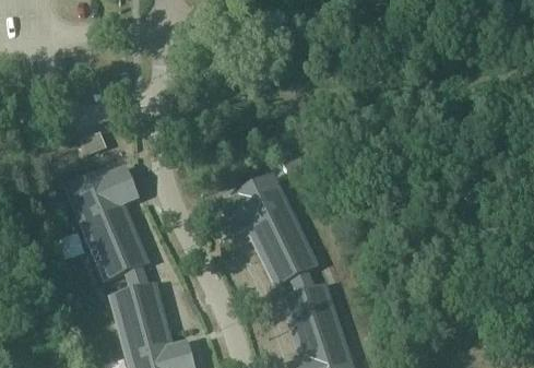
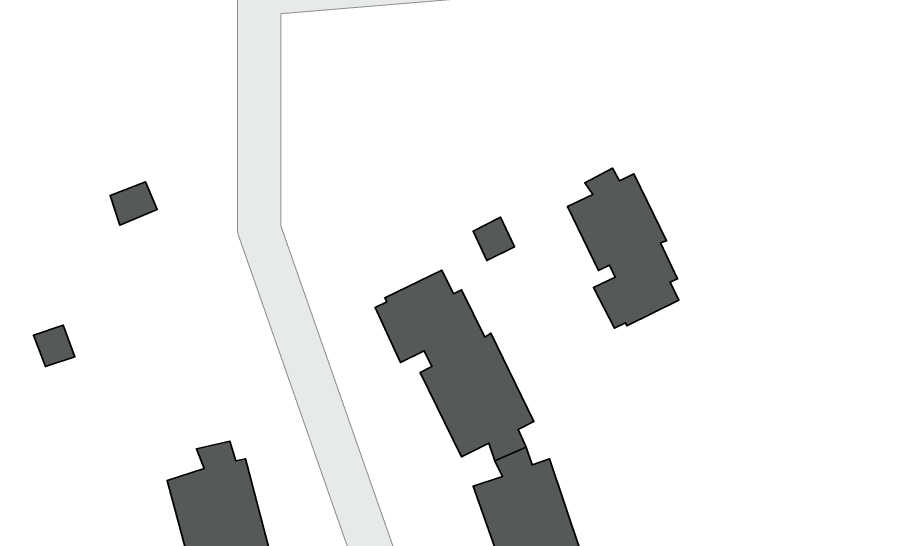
building: none -> [567,168,679,328]
building: [76,169,146,278] -> none

